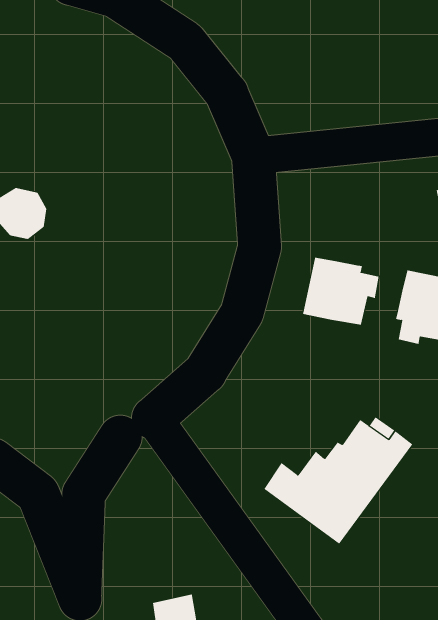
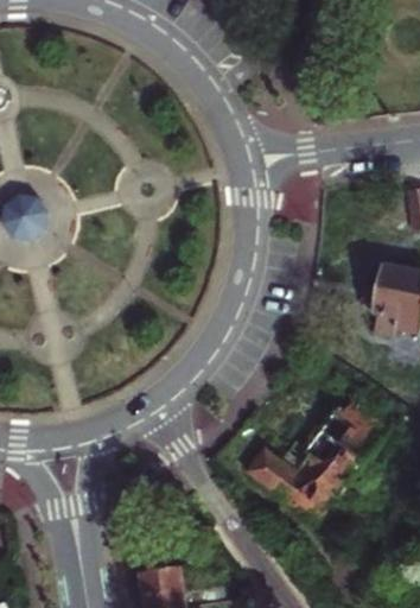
building: [302,257,379,325] -> none

